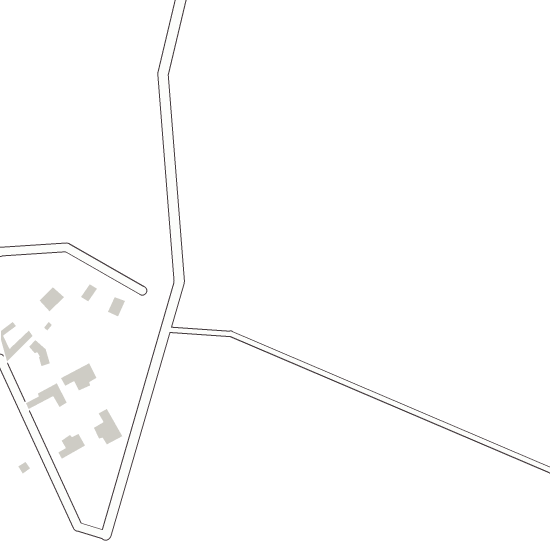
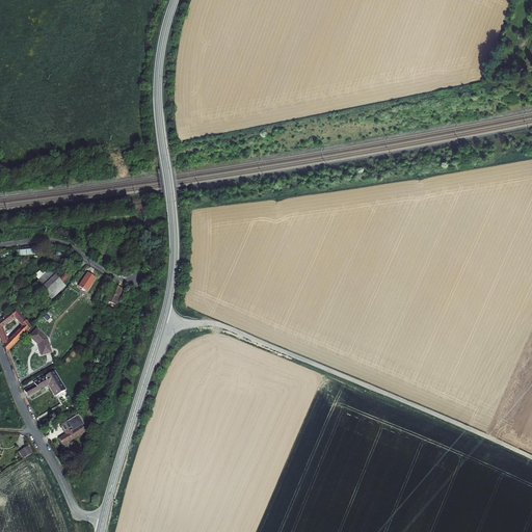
building: [60,362,98,391] -> none
building: [93,408,123,446] -> none

